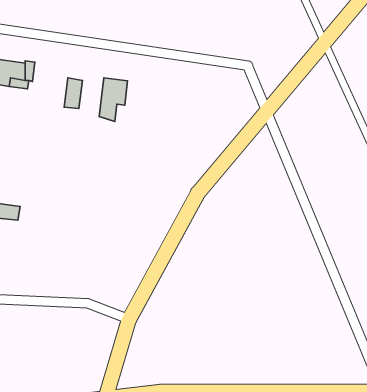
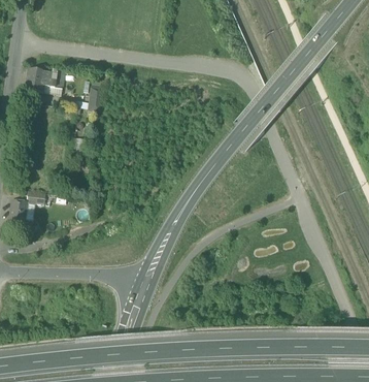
building: [99,78,127,121] -> none

